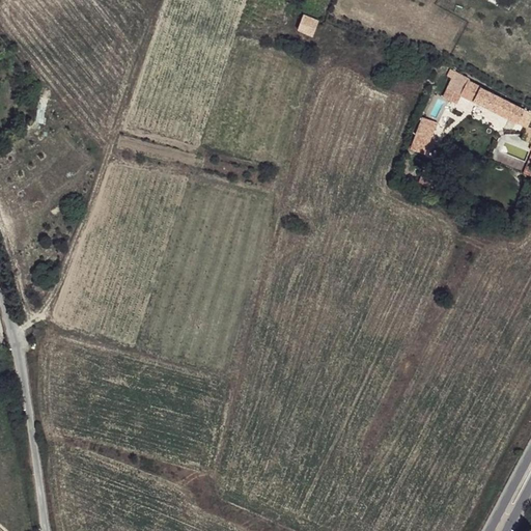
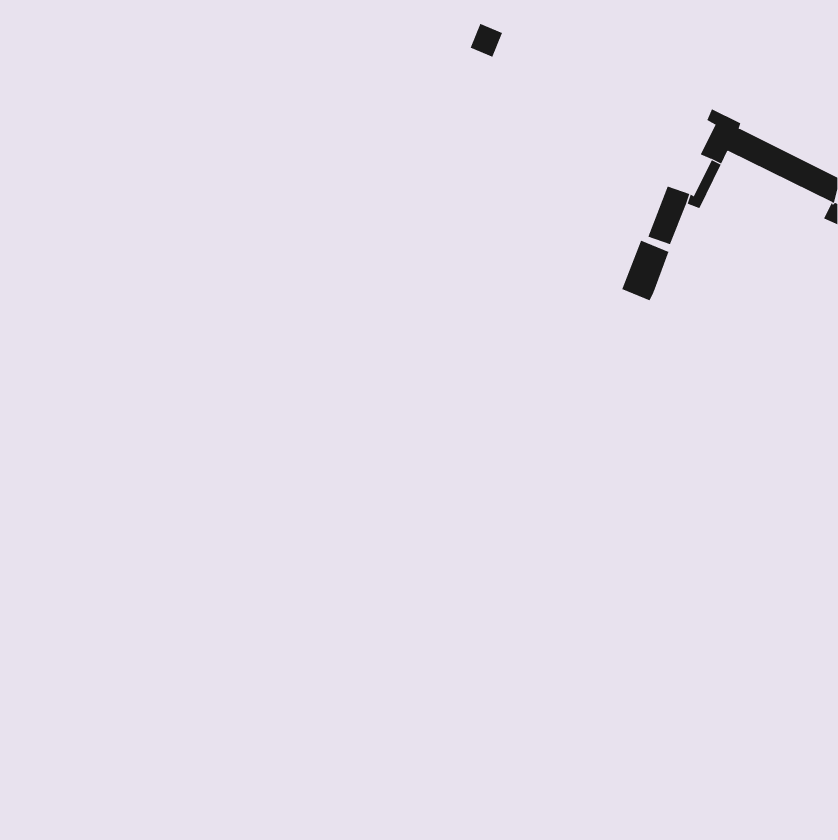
building: none -> [622,240,669,301]

